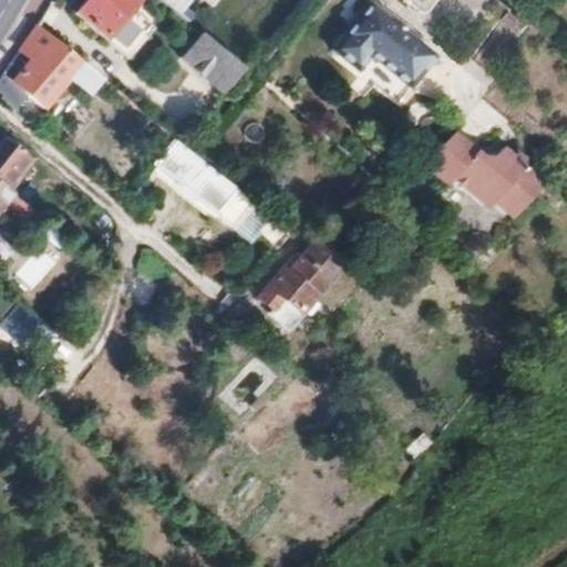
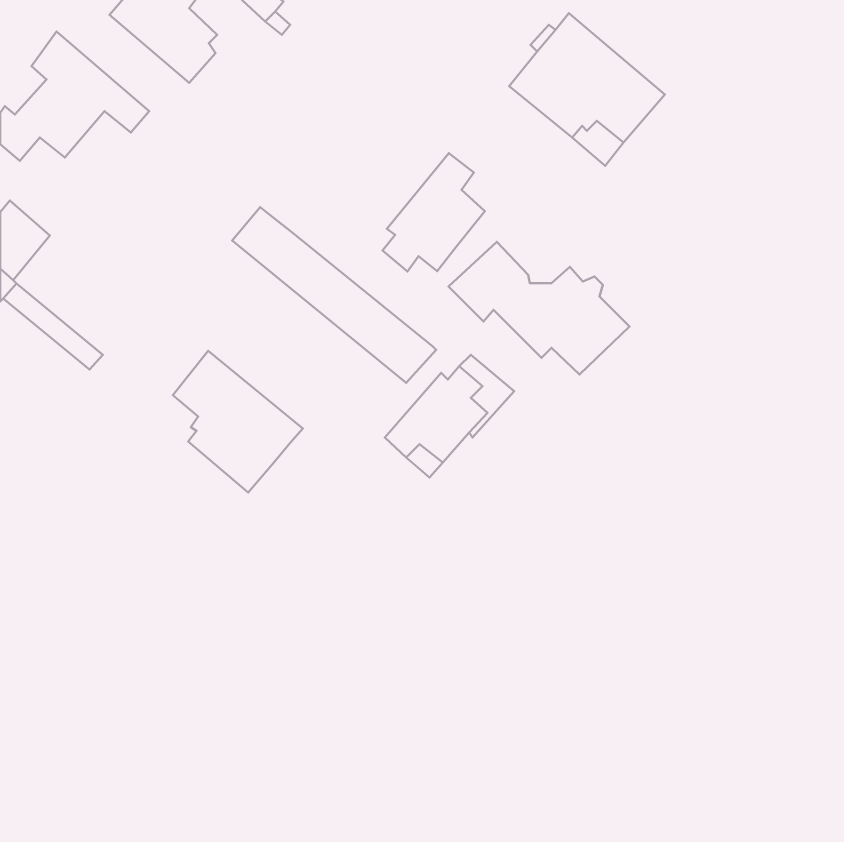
building: [181,32,244,93] -> none
building: none -> [382,153,485,271]
building: [422,131,543,219] -> [449,242,629,374]
building: none -> [173,351,303,492]

